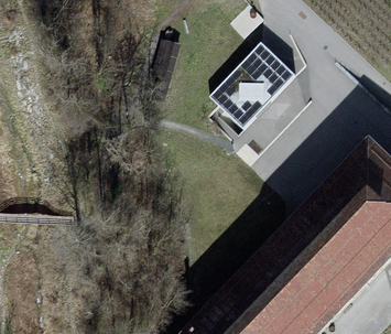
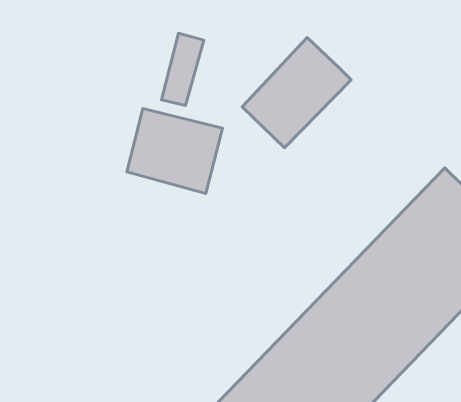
building: none -> [127,108,222,194]

